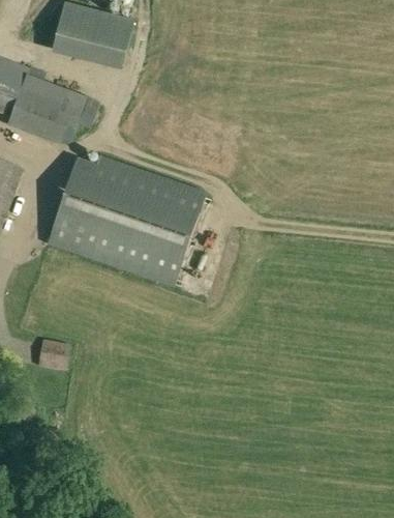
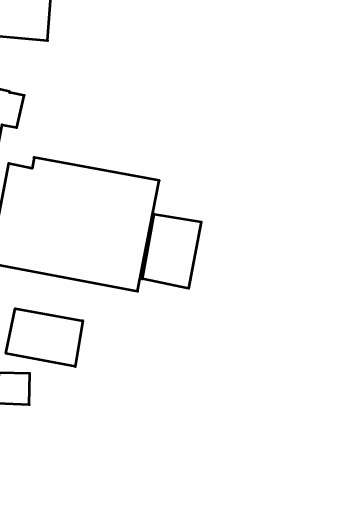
building: none -> [142,214,201,288]
building: none -> [6,309,83,367]

